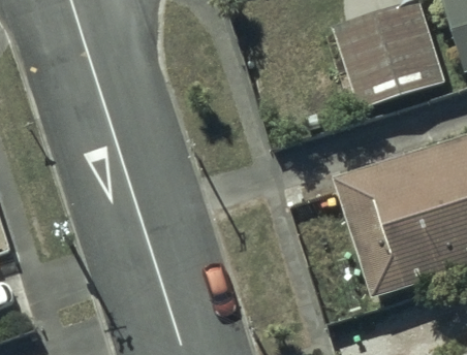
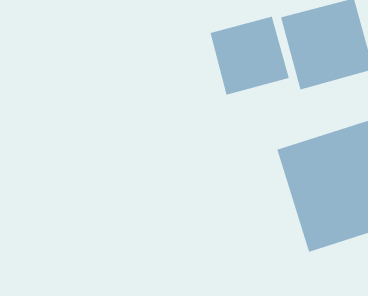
building: none -> [210,16,289,95]

